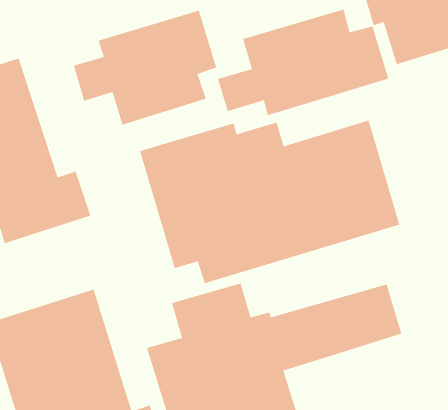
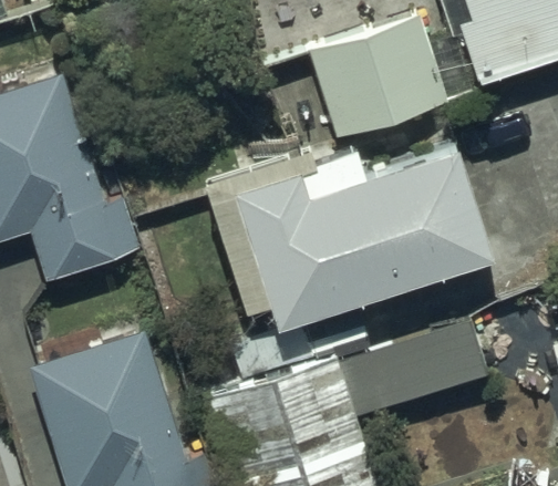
building: [73,10,217,126] -> none

